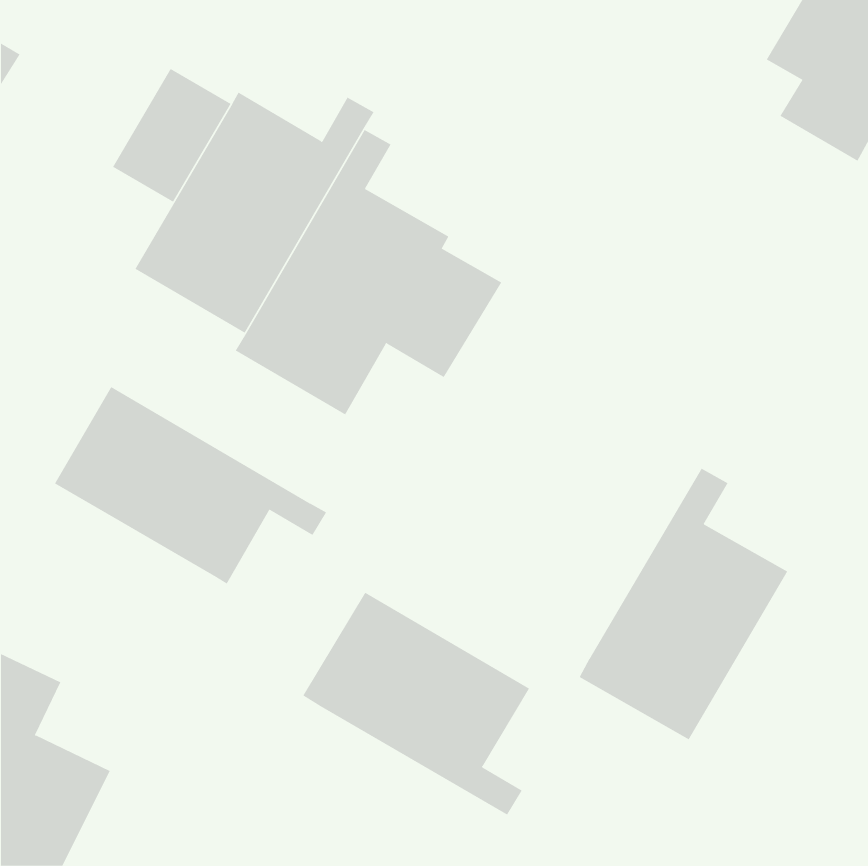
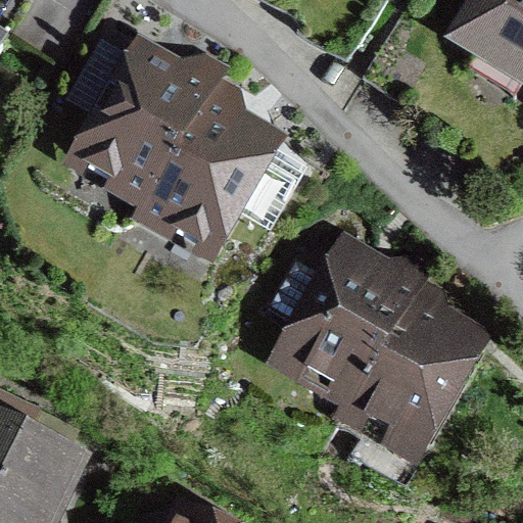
building: [54,386,327,585] -> none
building: none -> [269,257,427,407]
building: [302,592,530,816] -> none

